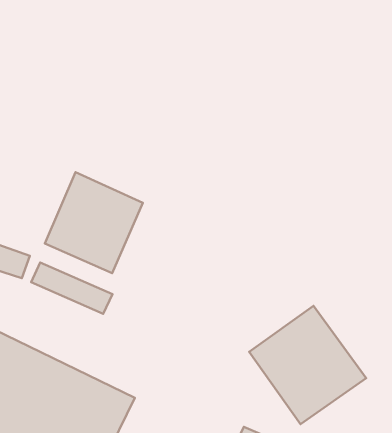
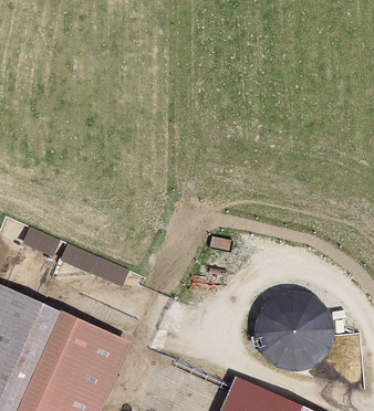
building: [45,172,143,273] -> none

